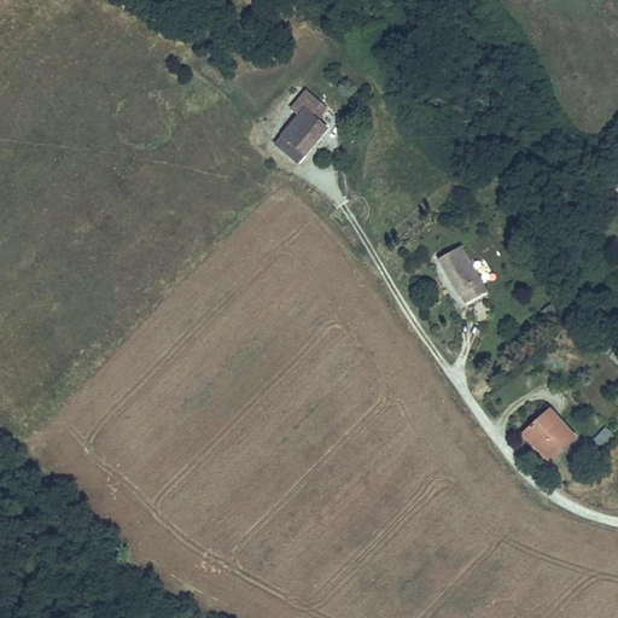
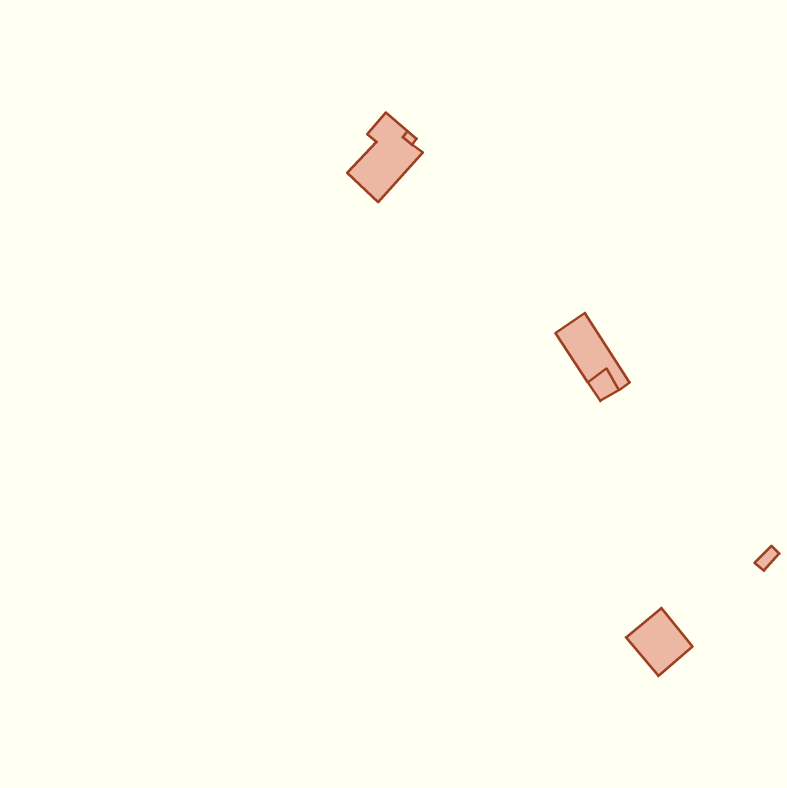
building: [525,408,577,461] -> [626,608,692,676]

